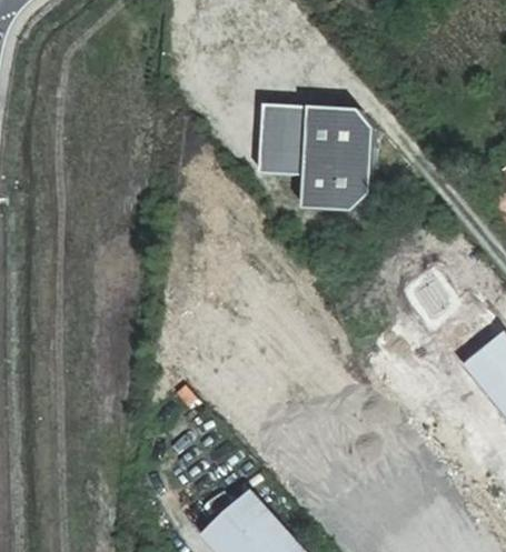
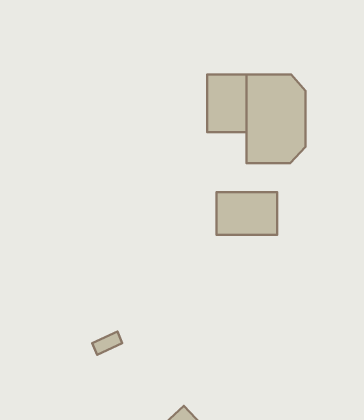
building: none -> [217,192,277,235]

